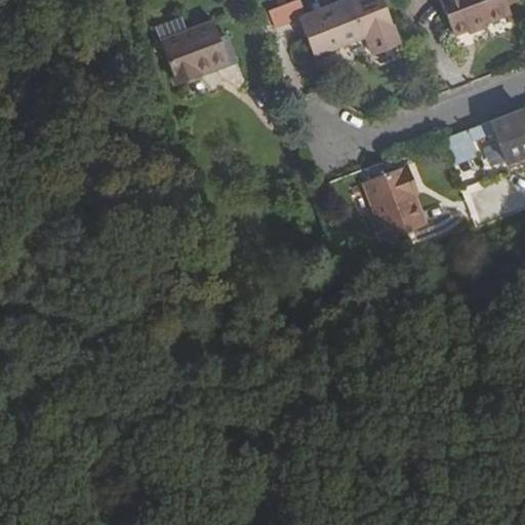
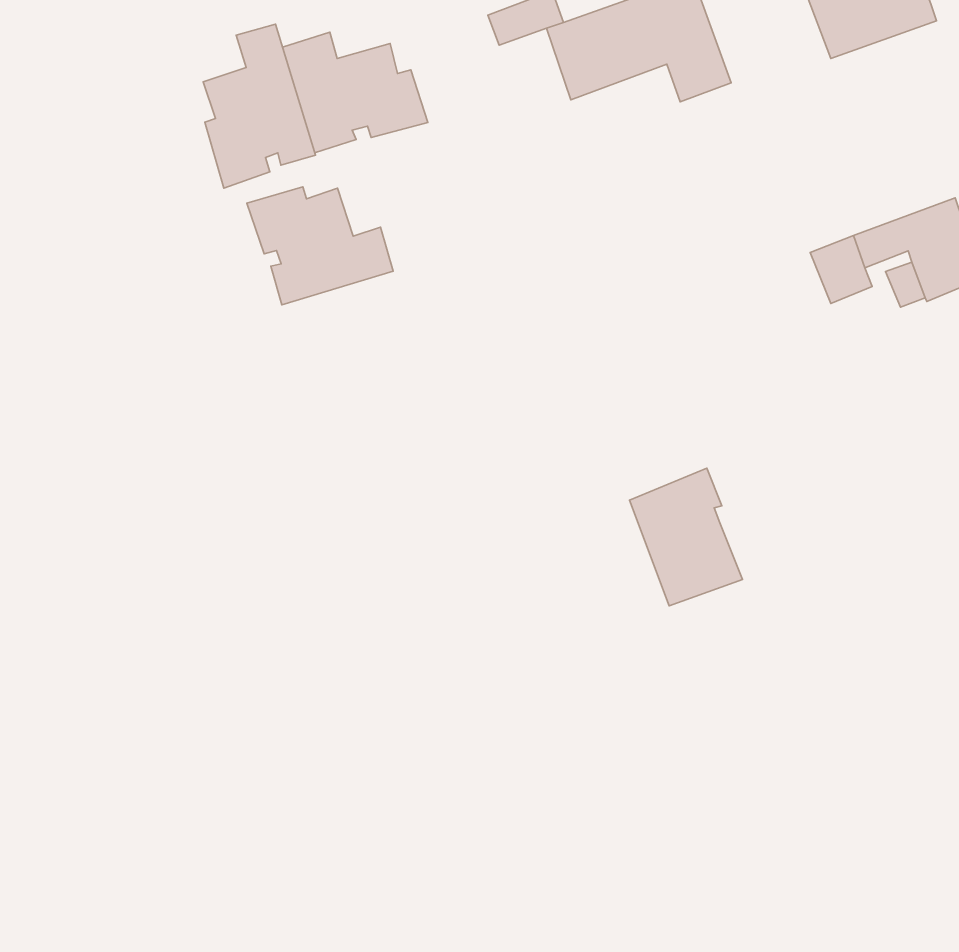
building: none -> [203,24,315,188]
building: none -> [247,187,393,305]
building: [365,164,427,239] -> [629,468,742,606]

